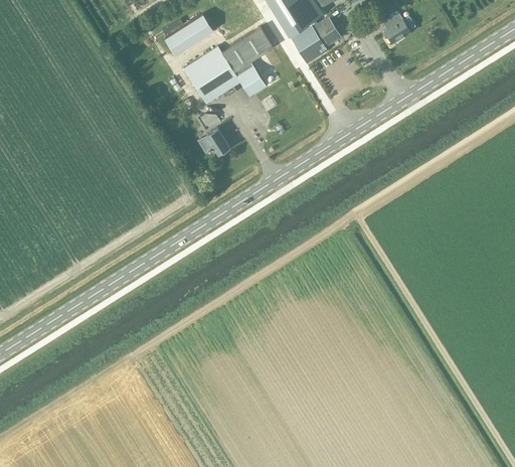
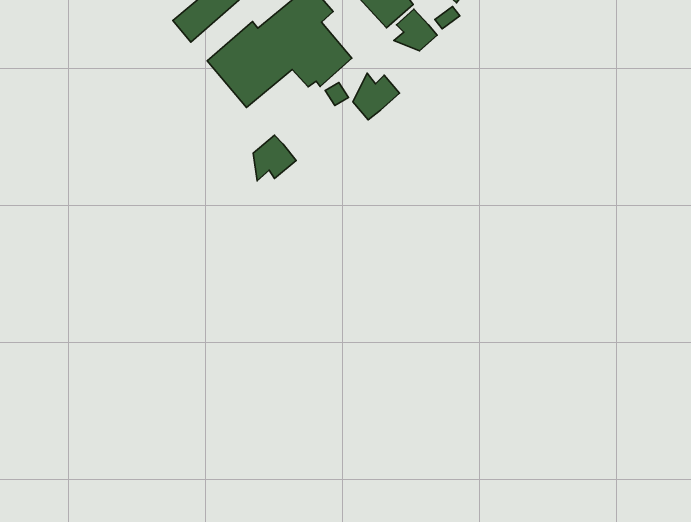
building: none -> [394,9,437,51]
building: none -> [353,73,399,120]

